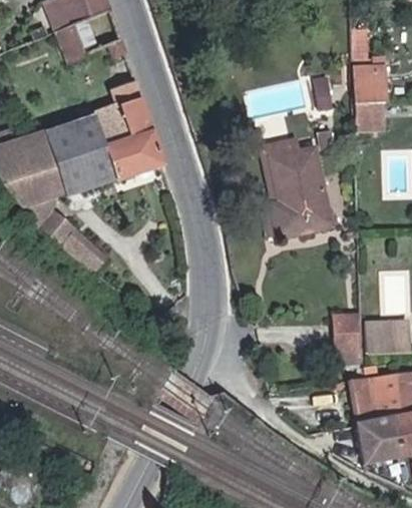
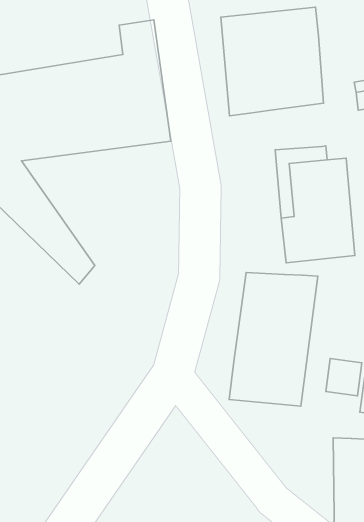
building: none -> [221,7,323,116]
building: none -> [229,272,318,406]

